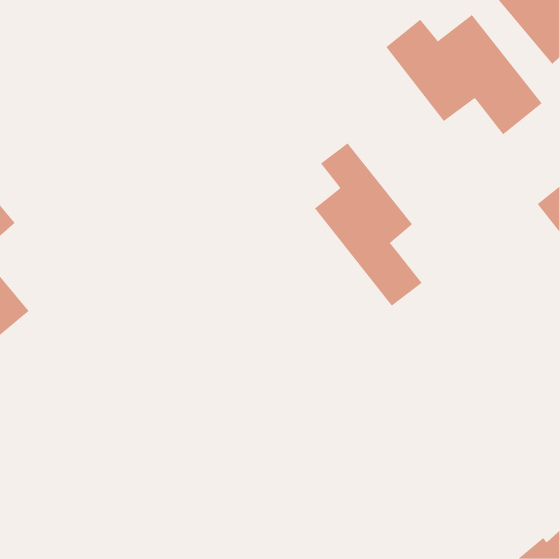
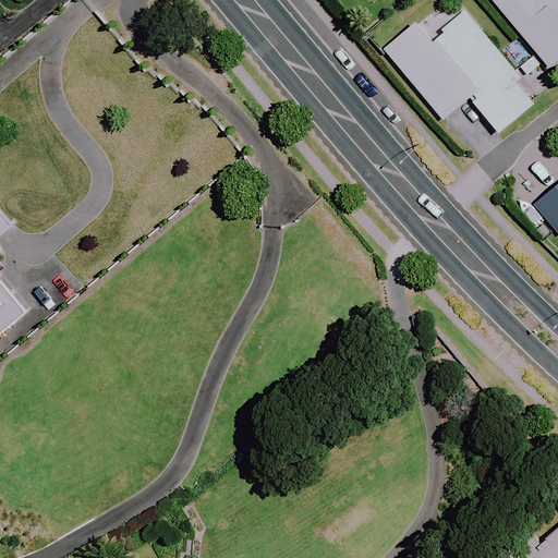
building: [314,142,422,307] -> none

